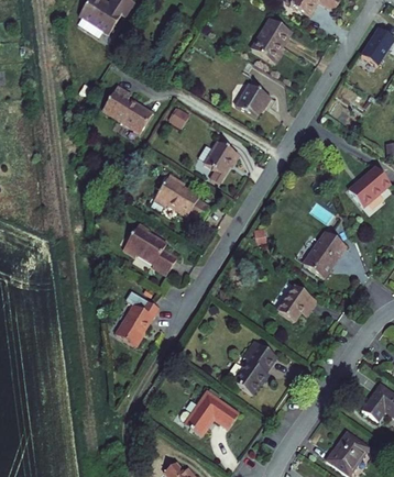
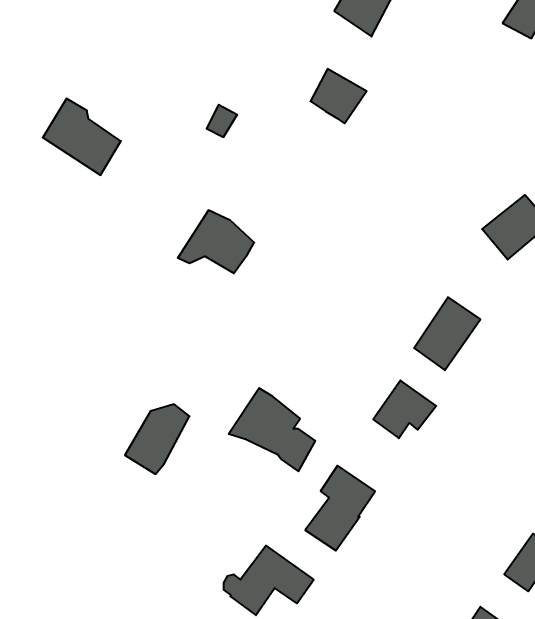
building: [101,85,152,134] -> [43,98,121,175]
building: [203,141,239,186] -> none
building: [120,222,176,276] -> [229,388,315,471]

